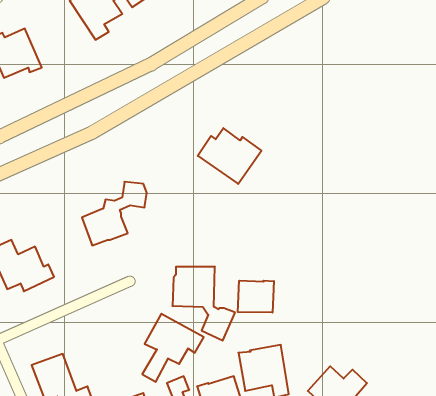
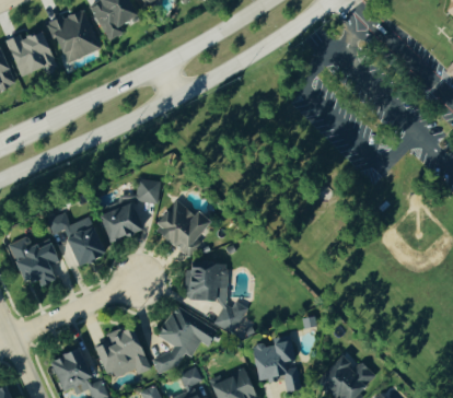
building: none -> [48,13,100,62]
building: [198,128,261,184] -> [152,202,214,257]
building: none -> [50,215,104,266]
building: [238,281,274,313] -> none
building: none -> [95,325,151,381]

